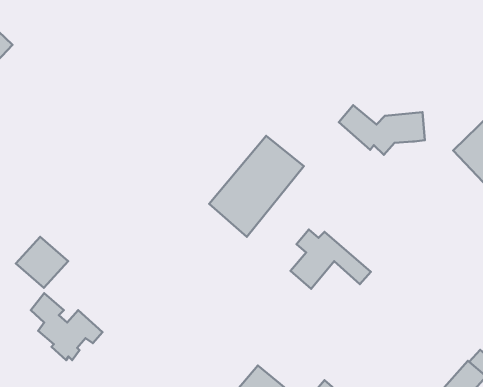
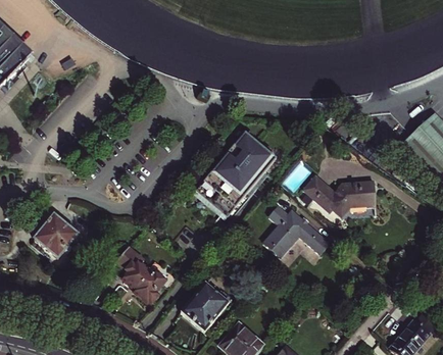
building: [339,105,425,155] -> [307,178,380,219]
building: [31,293,103,360] -> [116,246,177,302]
building: none -> [182,284,227,333]

